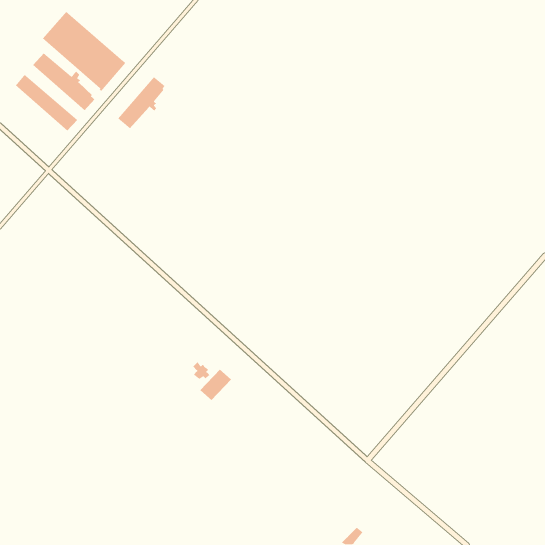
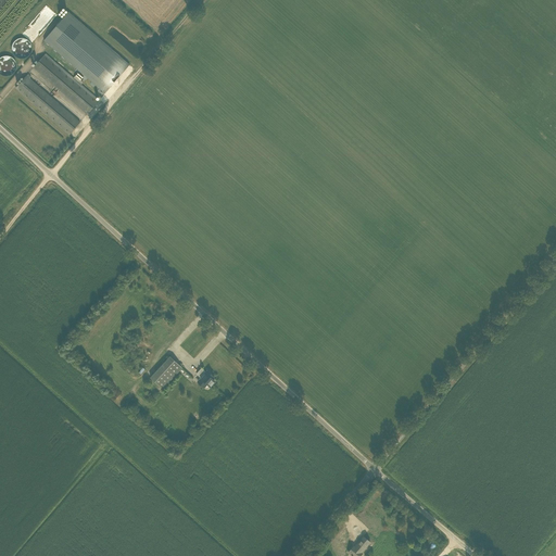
building: [117,76,166,129] -> none
building: [200,369,232,401] -> [149,355,181,388]

